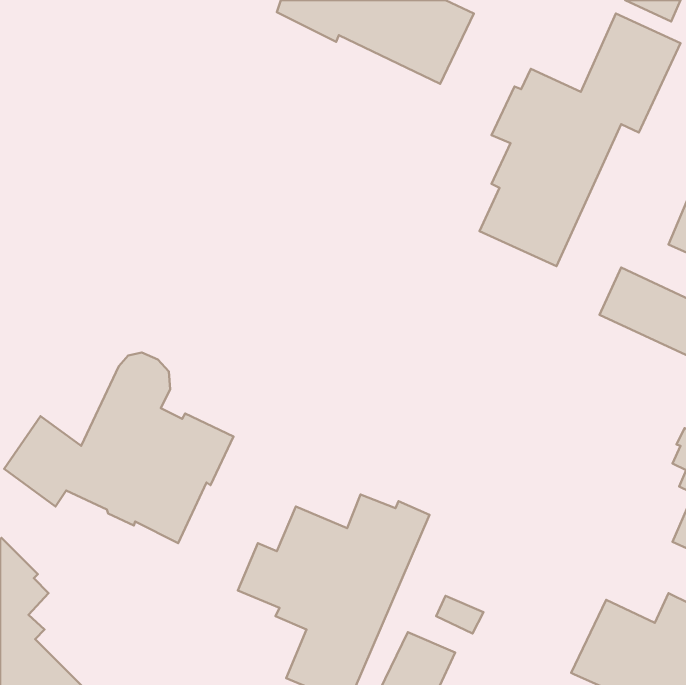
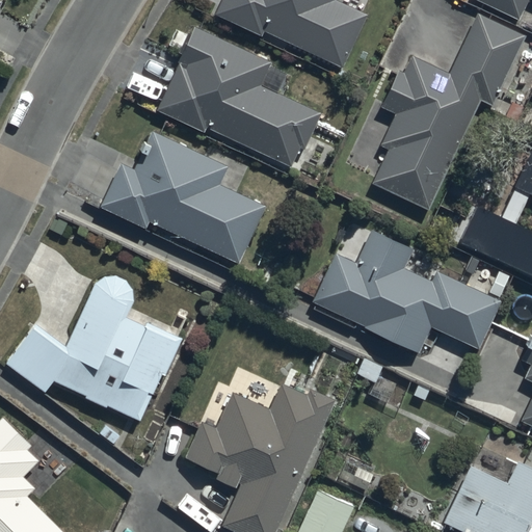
building: none -> [158,27,321,167]
building: none -> [100,130,265,264]
building: none -> [313,231,501,353]

